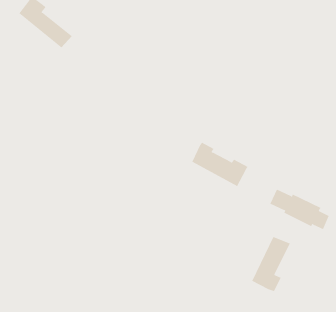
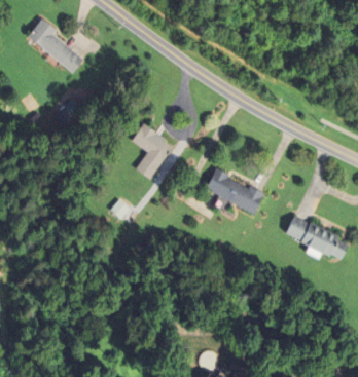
building: none -> [132,123,172,179]
building: [251,236,290,292] -> none

